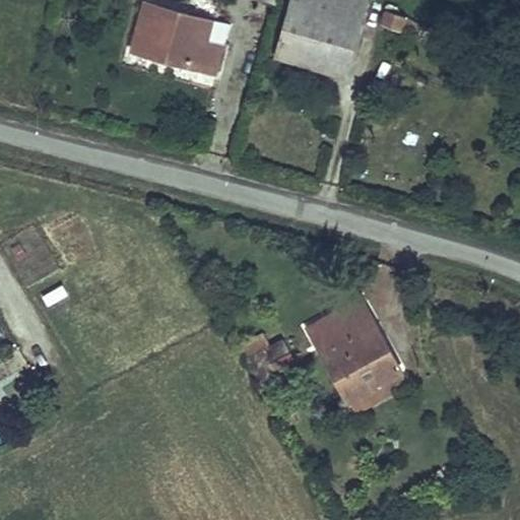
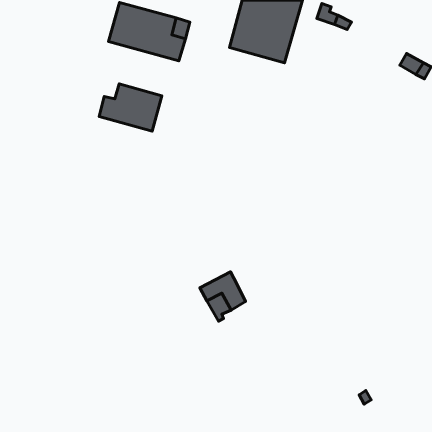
building: none -> [99,84,162,131]
building: [308,300,401,402] -> none

